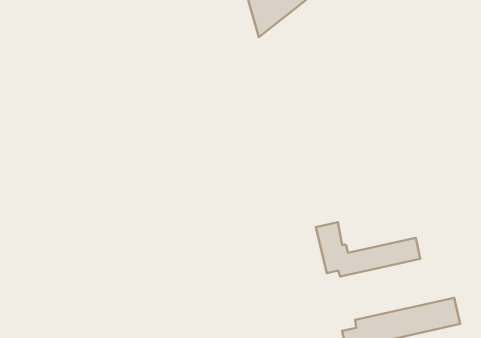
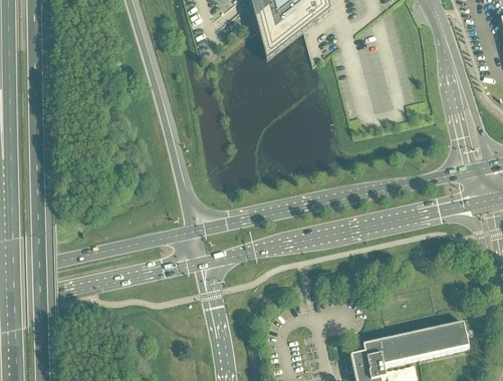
building: [316,222,420,277] -> none

